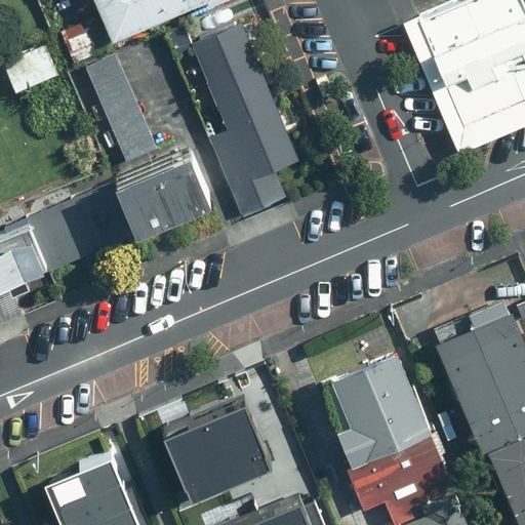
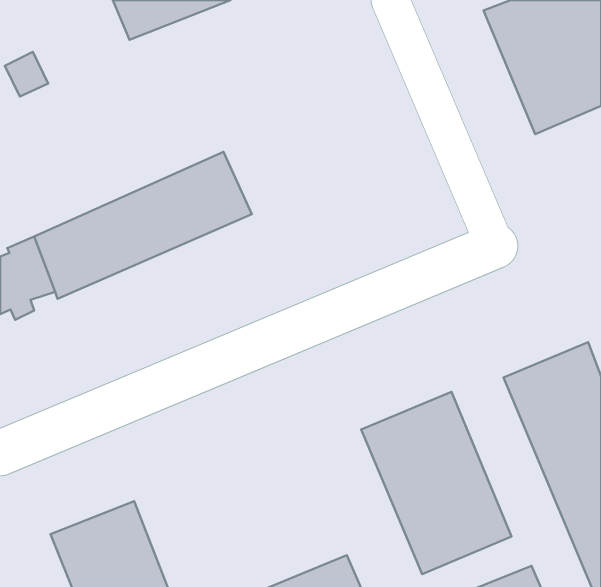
building: [191,25,300,217] -> none
building: [88,59,157,166] -> none
building: [158,398,269,501] -> none

